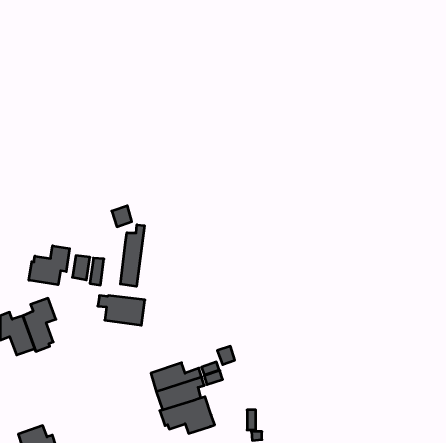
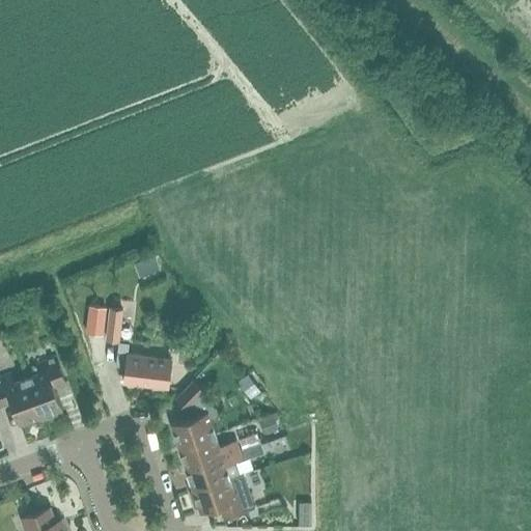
building: [120,225,144,286] -> none
building: [29,246,70,285] -> none
building: none -> [171,382,220,447]

